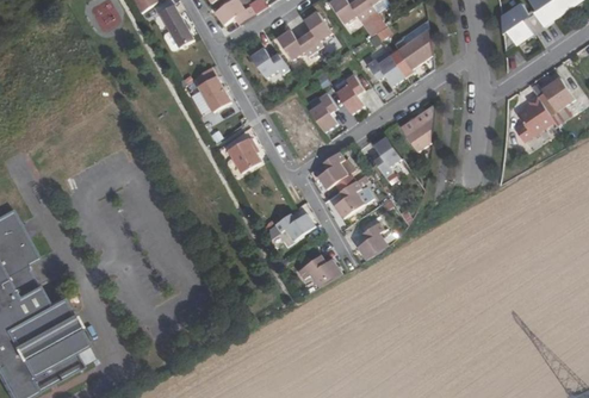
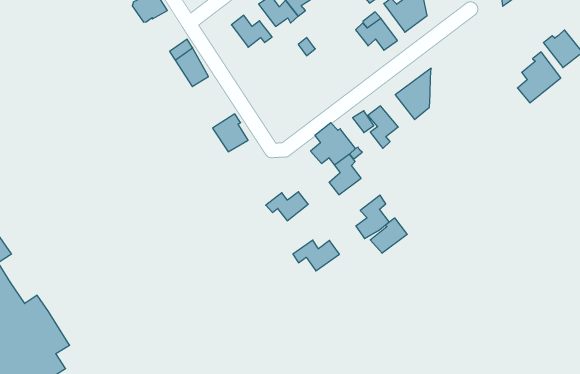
building: [335,74,362,113] -> none
building: [310,92,336,131] -> none
building: none -> [370,218,407,253]

